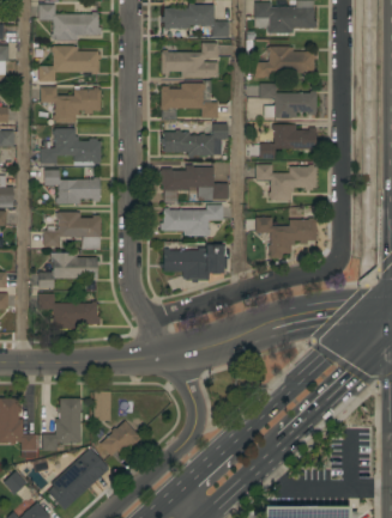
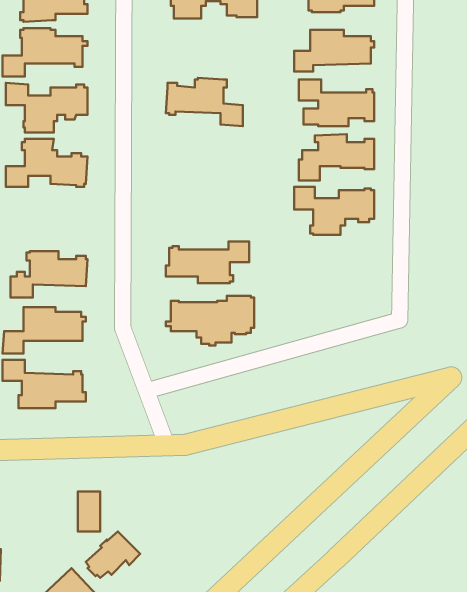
building: [161,43,218,78] -> none
building: [161,123,228,158] -> none
building: [161,165,228,202] -> none
building: [43,170,99,203] -> none
building: [254,213,315,258] -> none
building: [42,398,82,451] -> none

